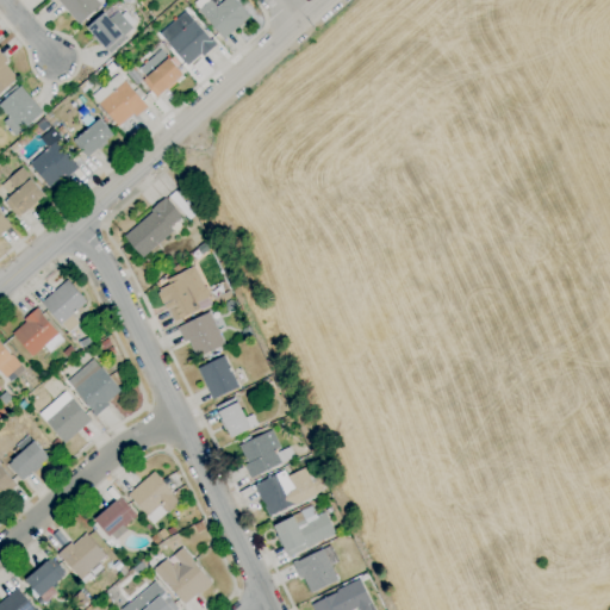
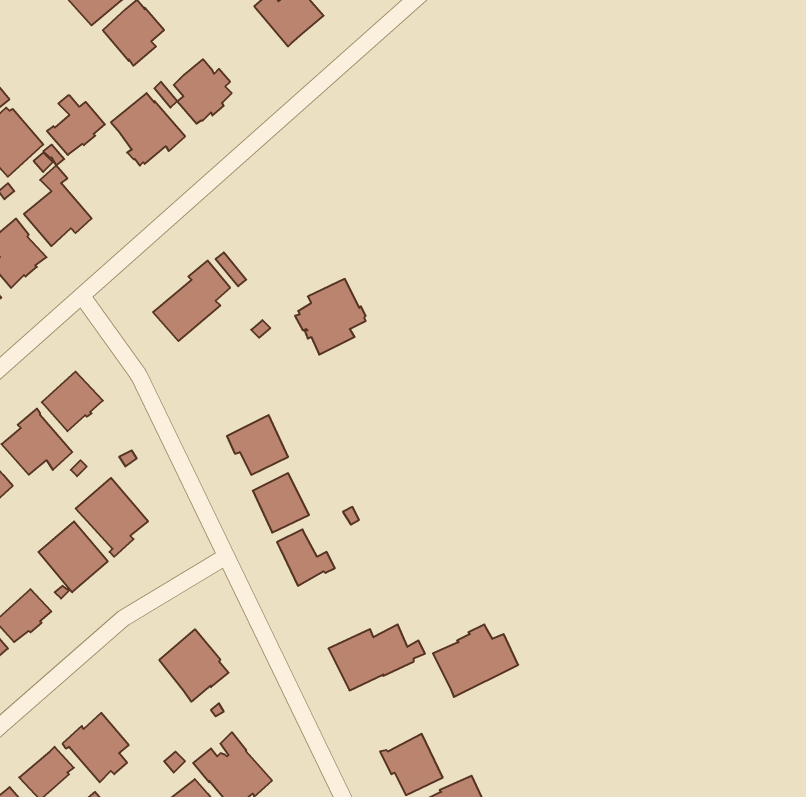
building: [160,11,217,66] -> none
building: [71,113,114,157] -> [47,95,105,155]
building: [157,266,210,322] -> [295,279,366,355]
building: [239,429,294,478] -> none
building: [94,497,135,540] -> none
building: [273,504,336,558] -> [433,624,518,697]

